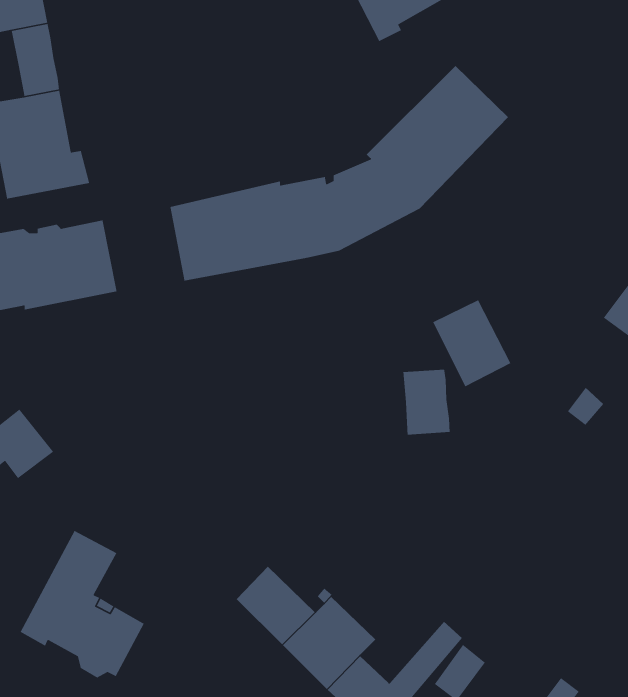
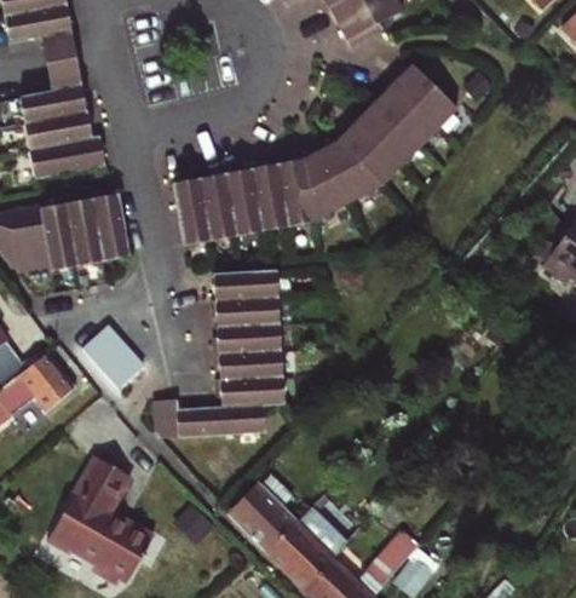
building: [432,299,512,387] -> none
building: none -> [152,270,284,438]
building: [403,369,451,436] -> none
building: none -> [90,333,151,397]

